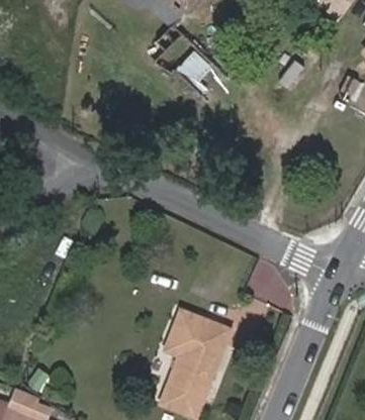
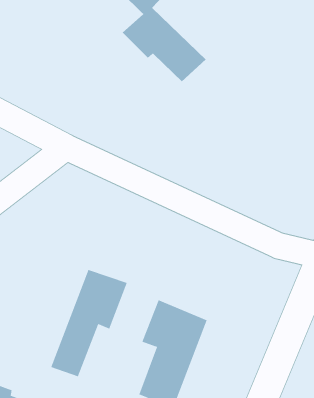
building: none -> [50,269,127,377]

